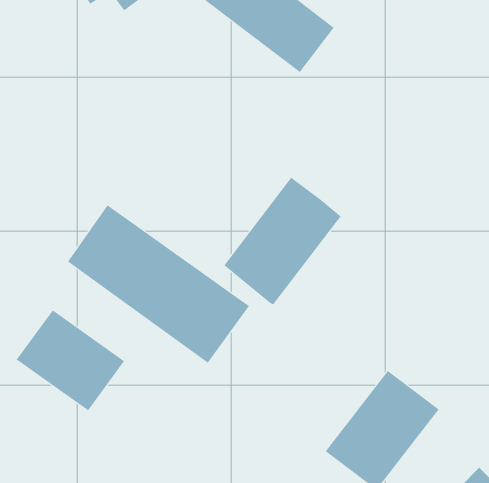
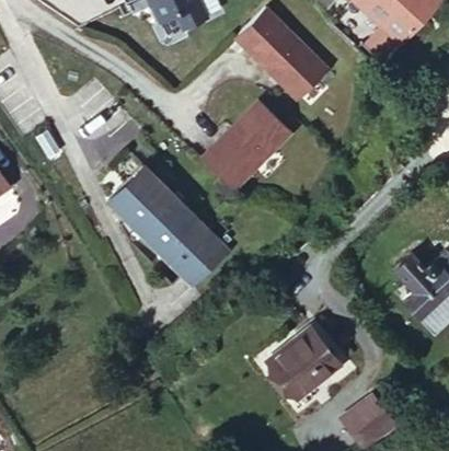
building: [223,177,341,305] -> [197,102,286,189]
building: [16,309,125,411] -> none

